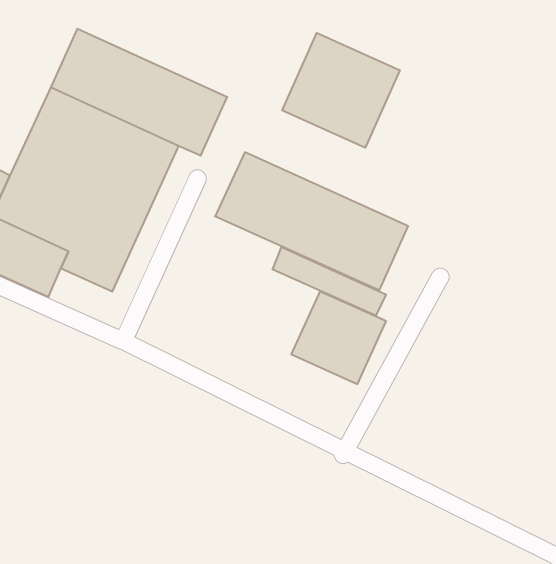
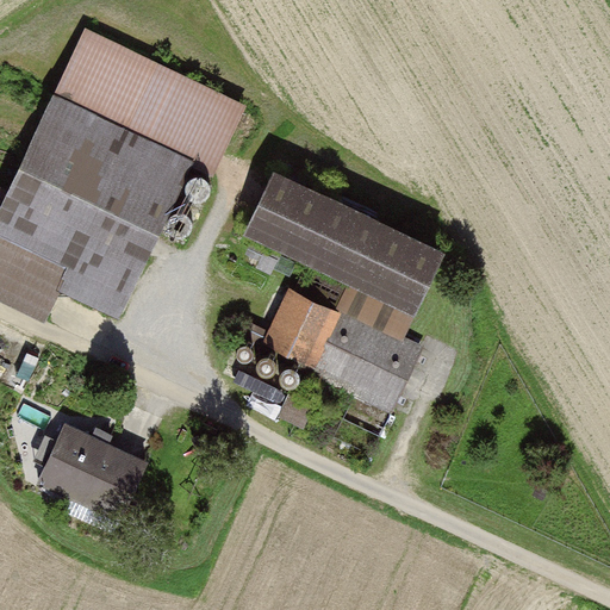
building: [282,33,400,148] -> none
building: none -> [256,285,346,368]
building: none -> [37,422,154,524]

